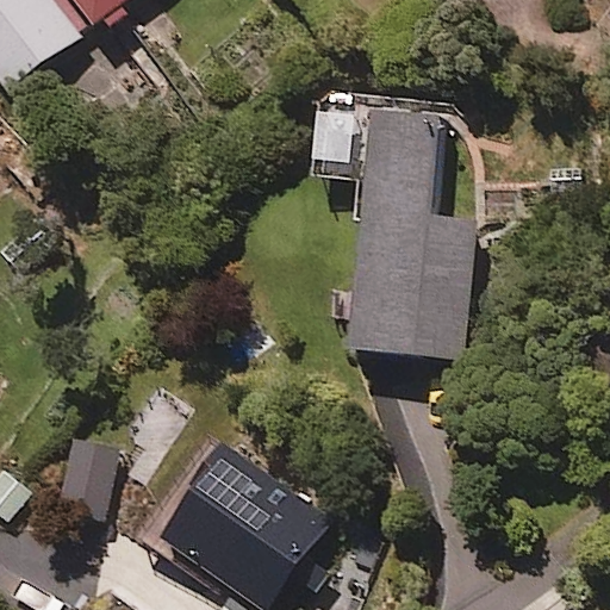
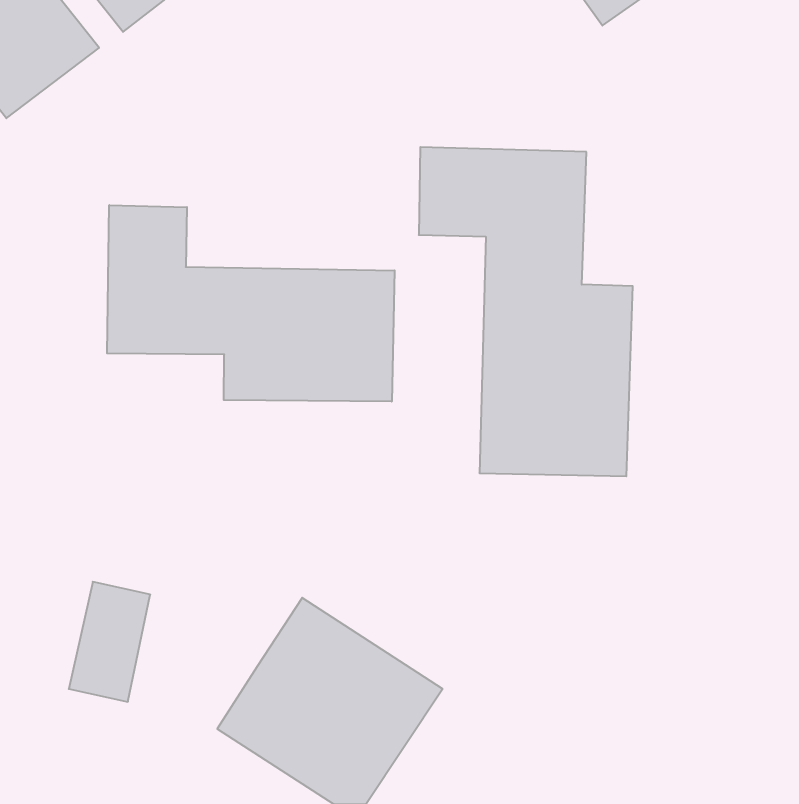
building: none -> [107,205,395,402]

